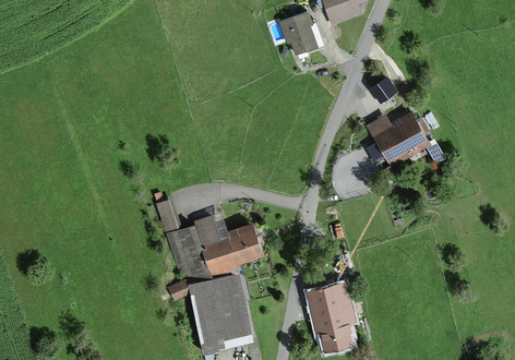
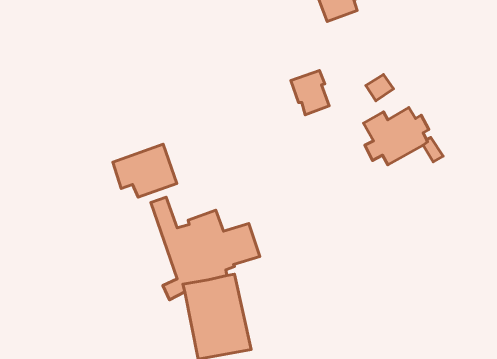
building: [279,11,318,55] -> [291,71,329,115]
building: none -> [113,144,177,197]
building: [304,281,356,351] -> none

